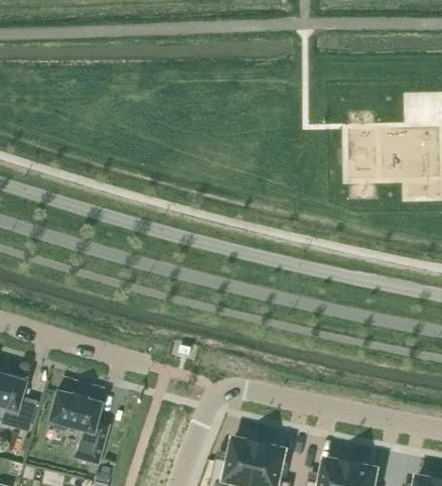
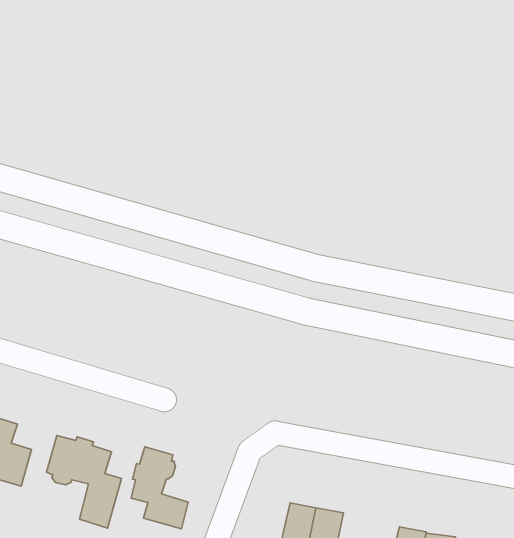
building: none -> [131,447,188,529]

